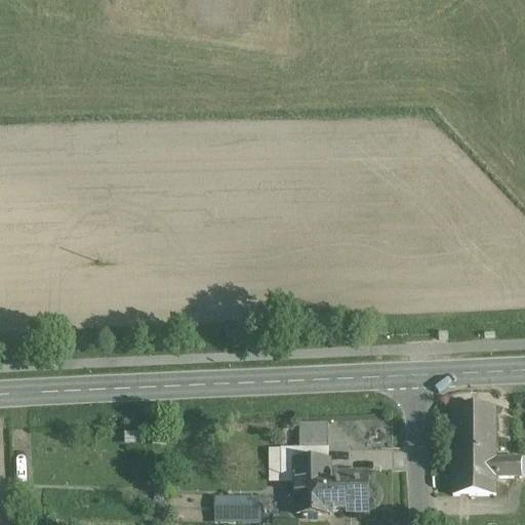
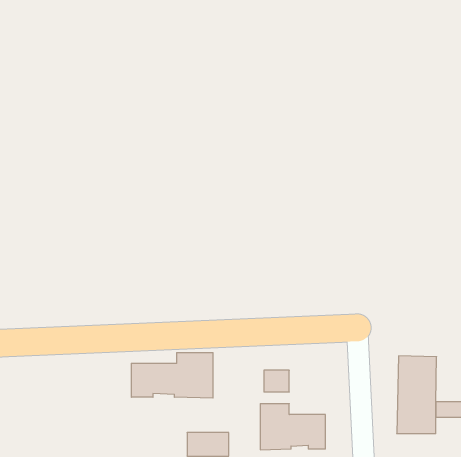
building: none -> [131,353,213,398]
building: [282,445,329,479] -> none

